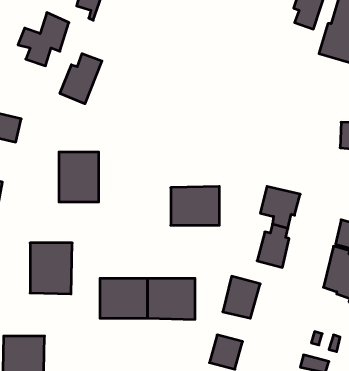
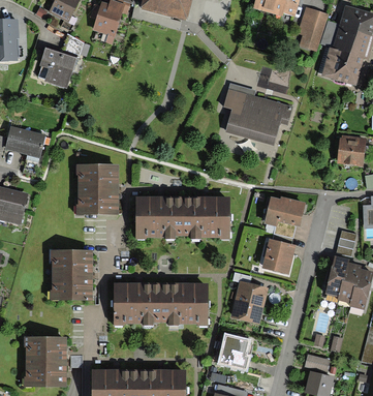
building: [60,54,102,104] -> none
building: none -> [224,84,289,144]
building: none -> [137,199,182,234]

